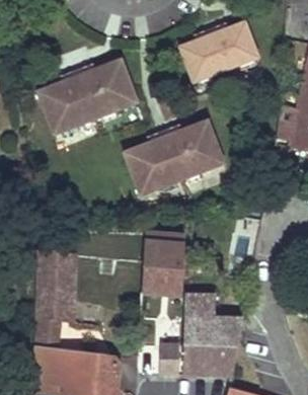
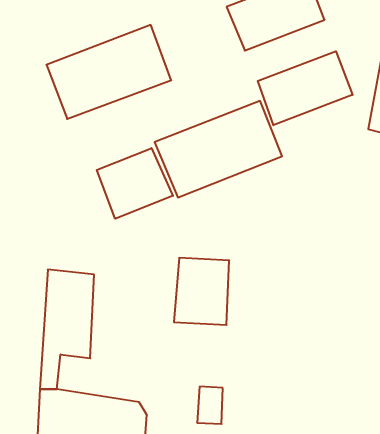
building: none -> [258,51,353,125]
building: none -> [97,148,173,219]
building: [181,295,241,375] -> none

